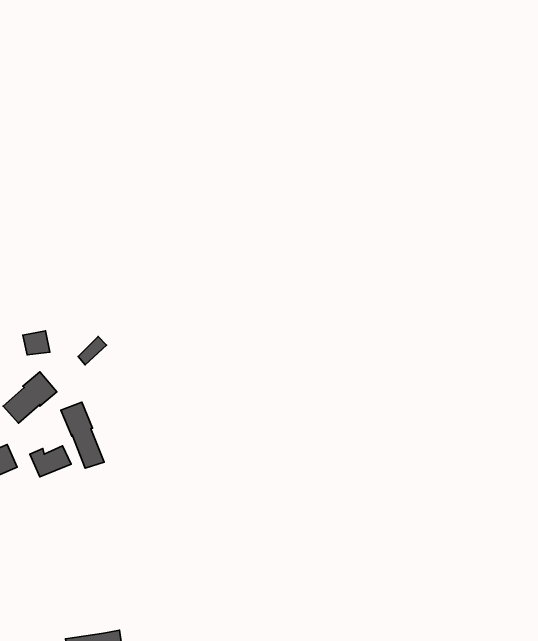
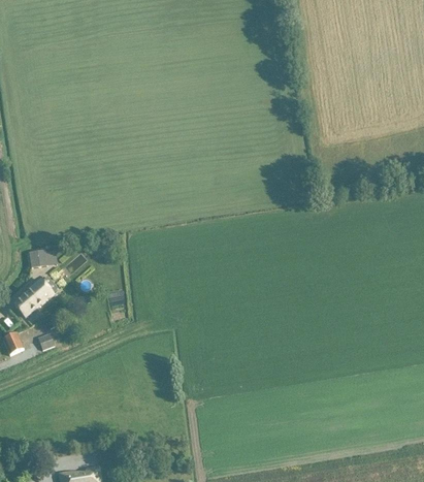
building: [61,402,104,468] -> none

